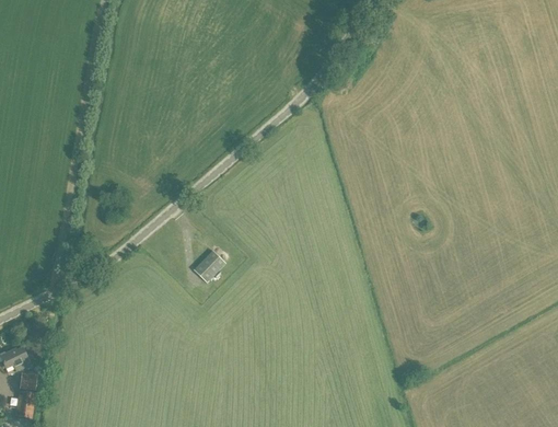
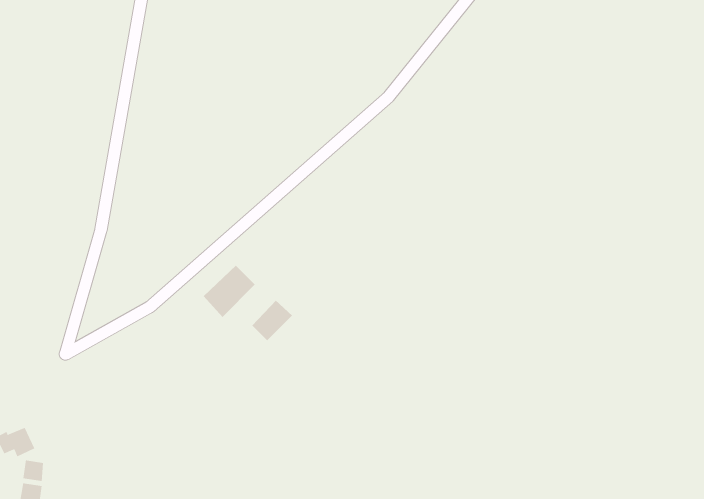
building: none -> [203,265,256,318]

